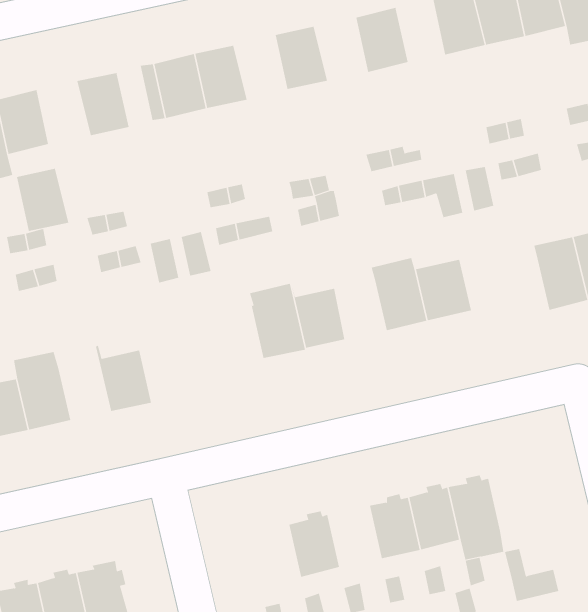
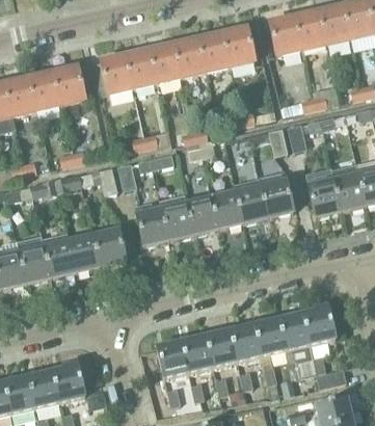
building: none -> [197,33,230,72]
building: none -> [149,44,181,83]
building: [16,168,69,232] -> [29,72,61,110]
building: none -> [305,168,340,217]
building: none -> [210,192,241,229]
building: none -> [134,202,166,245]
building: none -> [91,229,126,267]
building: none -> [42,233,74,277]
building: none -> [303,304,334,345]
building: none -> [206,327,238,367]
building: none -> [156,339,189,378]

